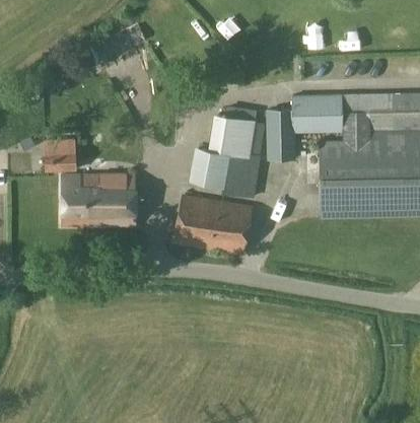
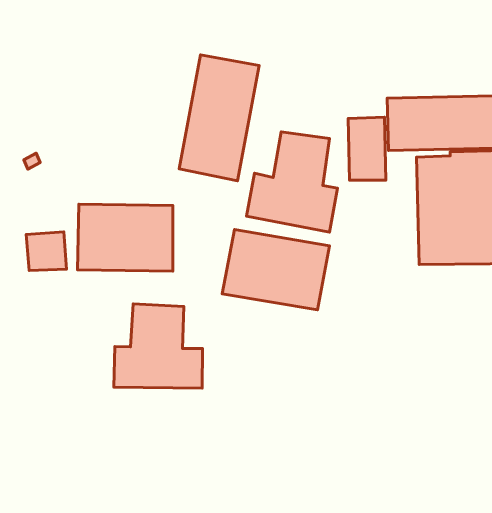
building: none -> [179,55,259,181]
building: [45,138,75,167] -> [26,232,67,271]
building: none -> [114,304,203,388]

